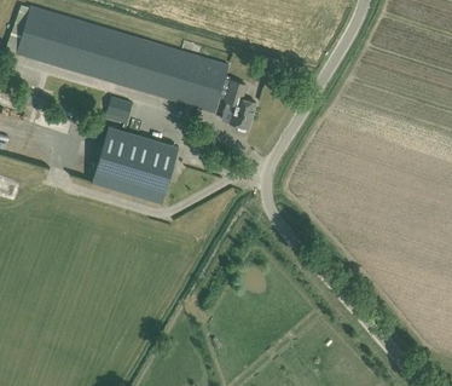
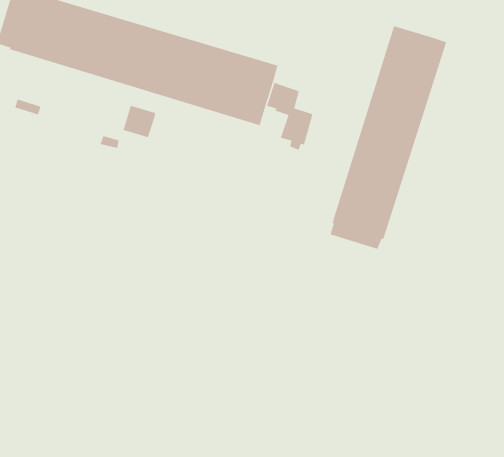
building: none -> [330,25,447,250]
building: [92,126,179,203] -> none

